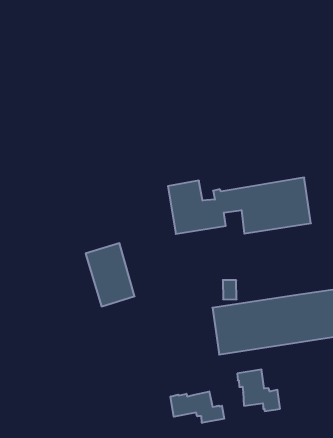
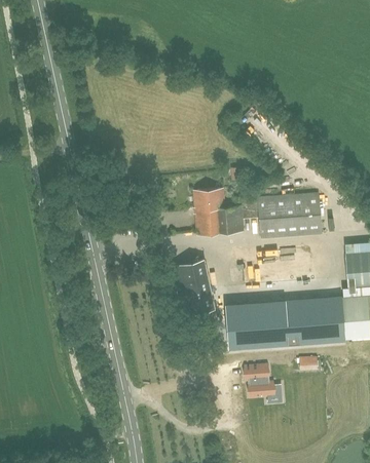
building: [86,243,135,306] -> [172,259,214,315]
building: [171,391,224,423] -> none

